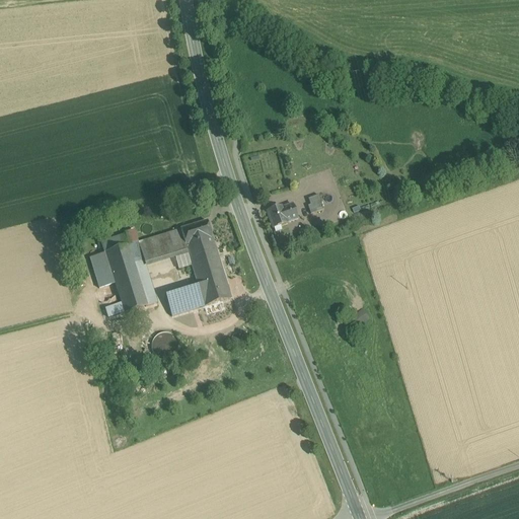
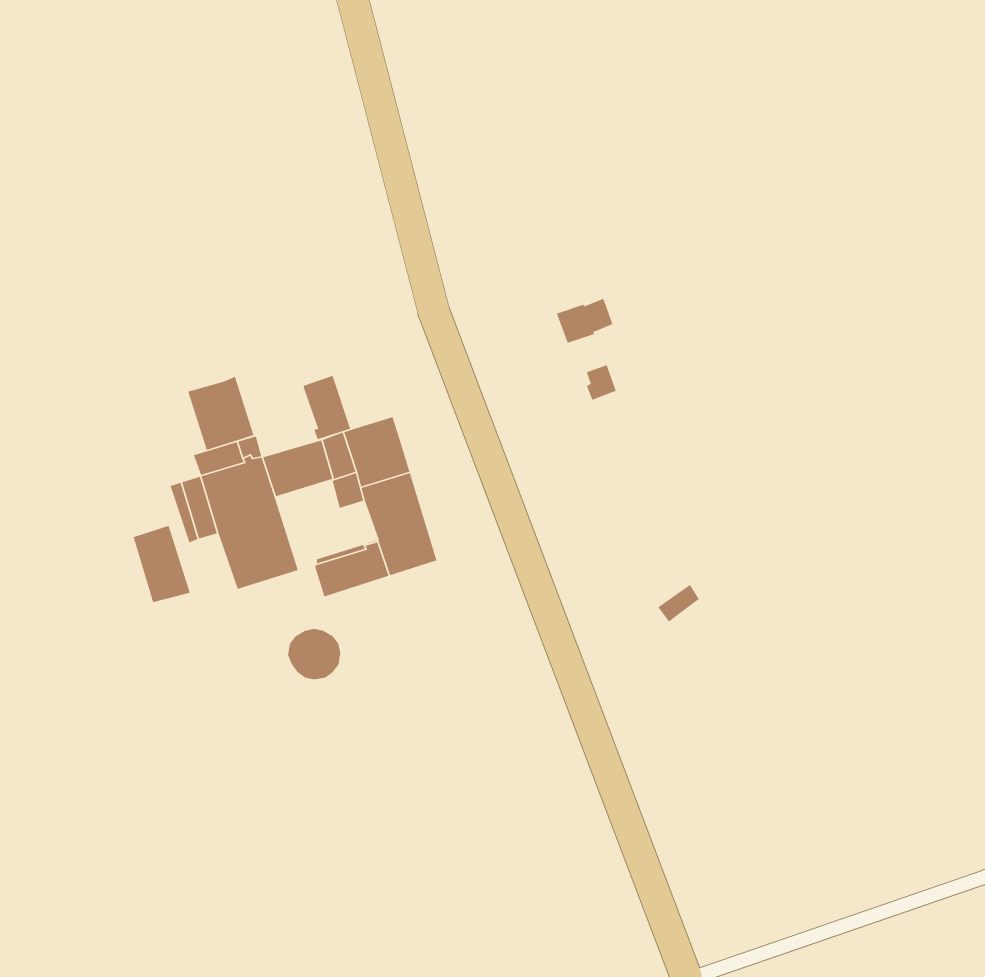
building: none -> [303,375,351,440]
building: none -> [187,376,254,451]
building: [267,201,297,225] -> [556,298,614,344]
building: none -> [132,525,191,603]

